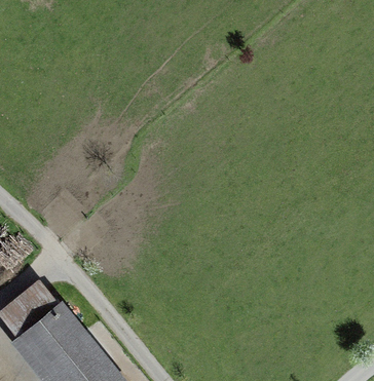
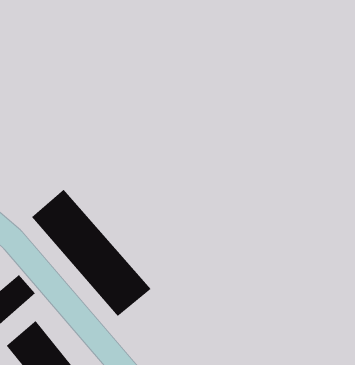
building: none -> [31,189,152,317]

